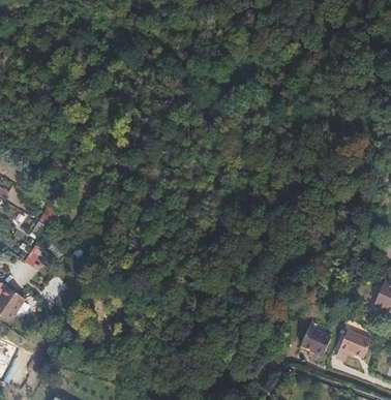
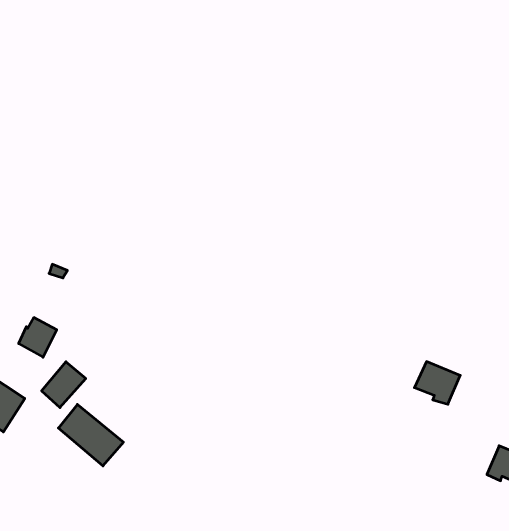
building: none -> [58,404,123,466]
building: [302,325,333,353] -> [414,362,460,404]

